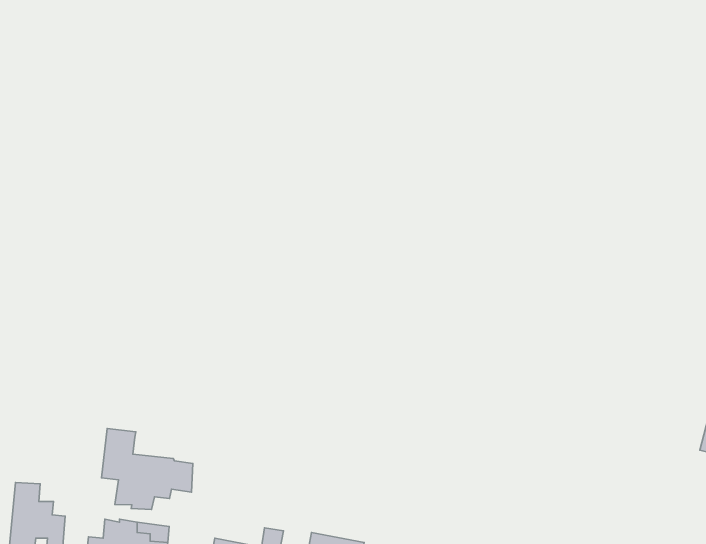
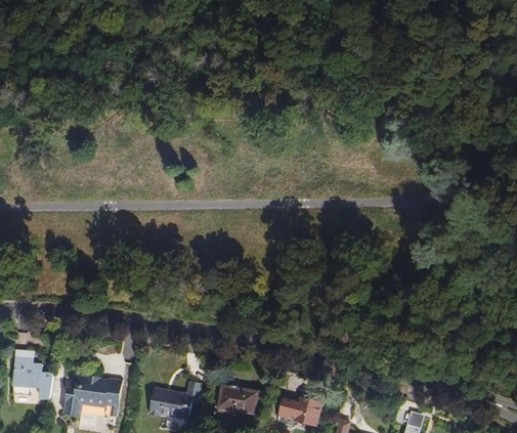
building: [102,428,193,510] -> none

